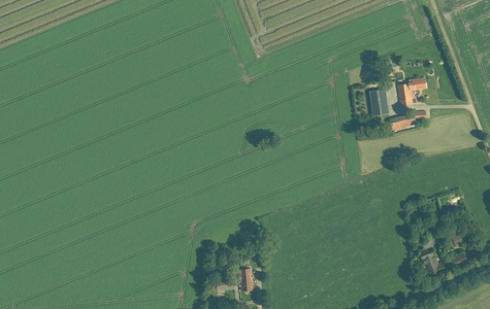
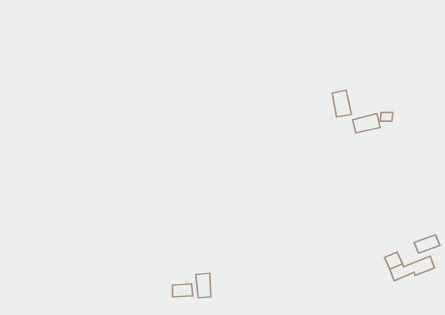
building: [398,78,426,103] -> none

